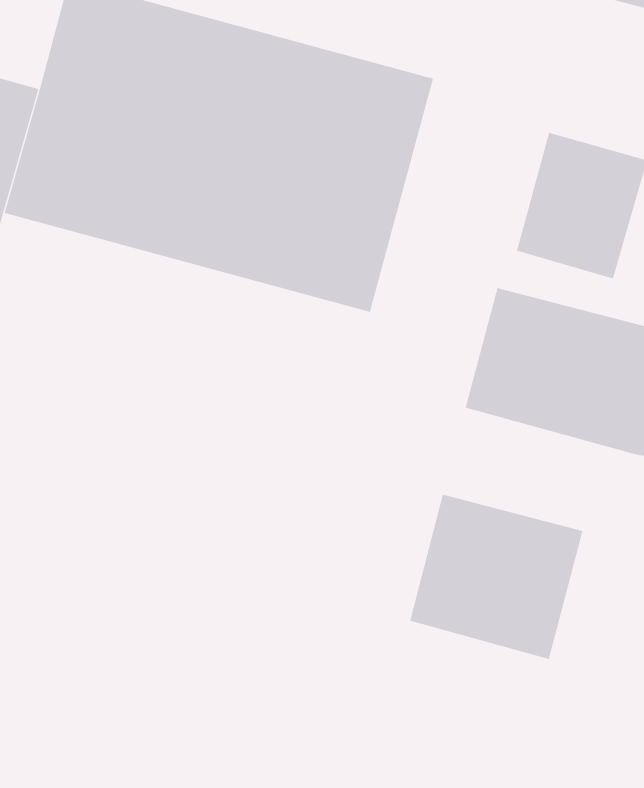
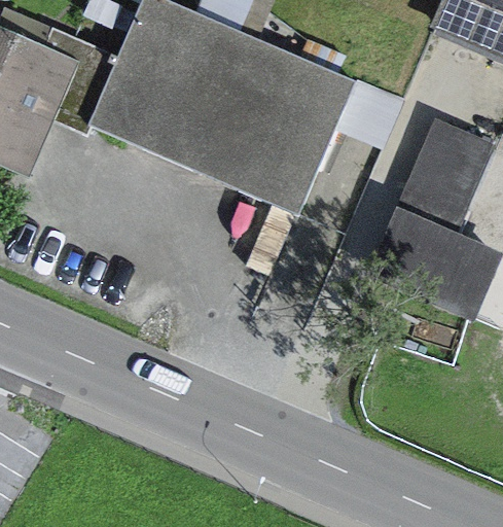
building: [410,494,583,660] -> none

